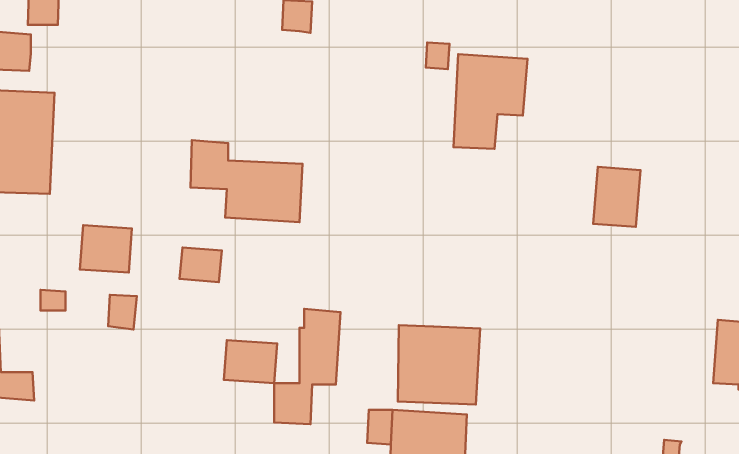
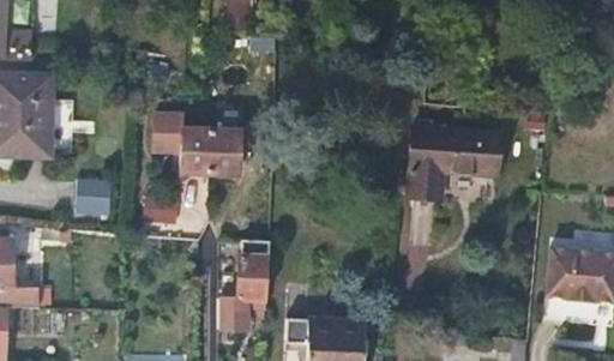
building: [453,54,528,149] -> [409,128,465,200]
building: [398,325,480,405] -> none
building: [224,340,277,383] -> none

